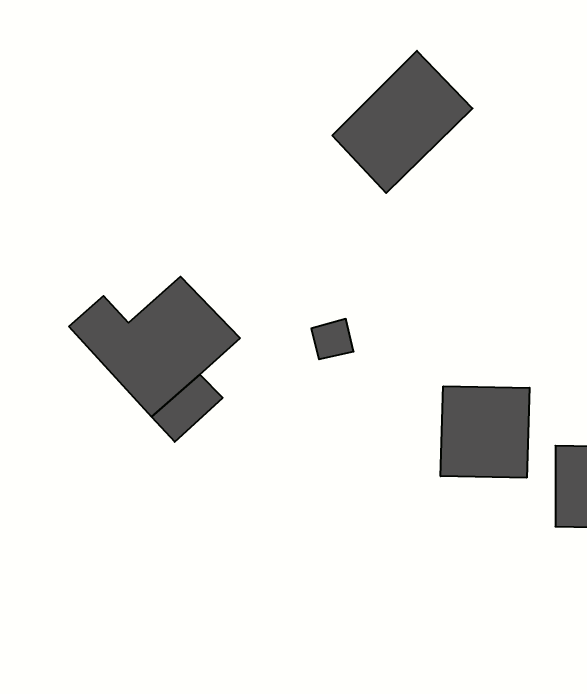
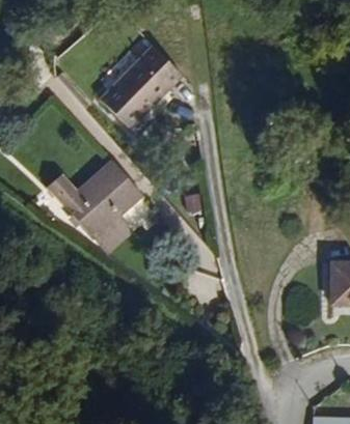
building: [332,51,473,193] -> [100,50,176,126]
building: [441,386,530,478] -> none

